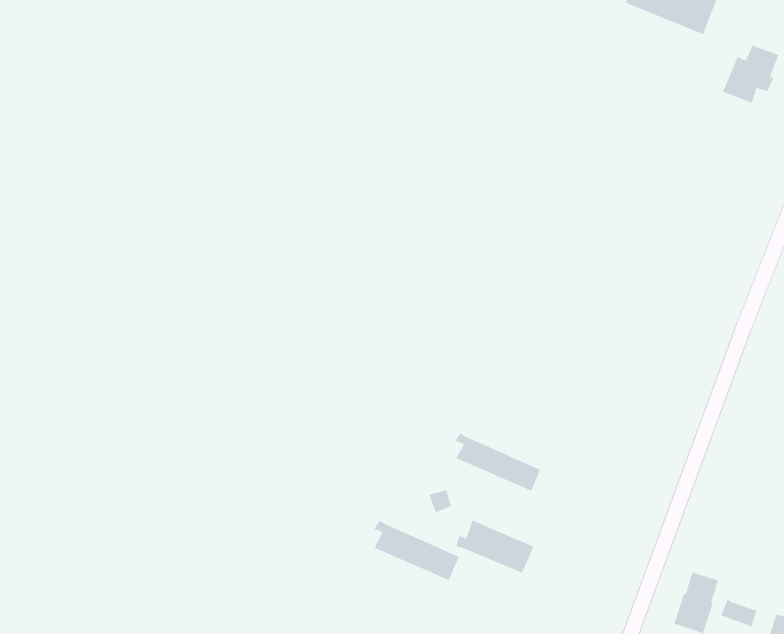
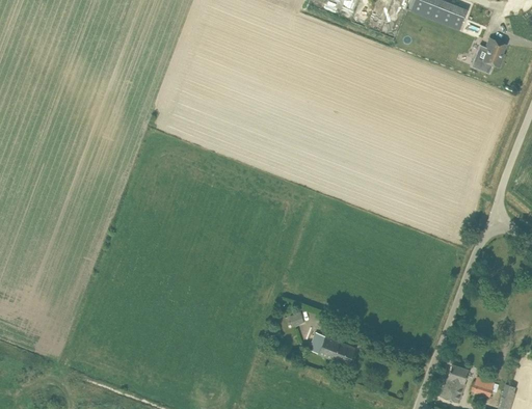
building: [455,433,541,492] -> none
building: [374,520,459,581] -> none

